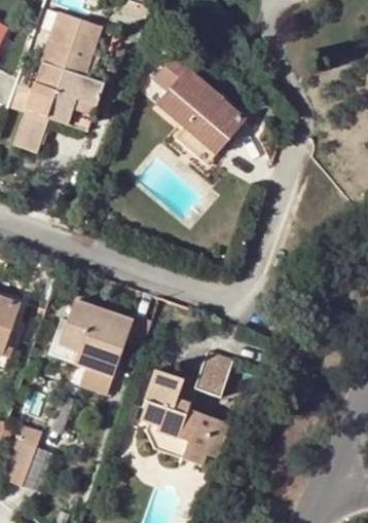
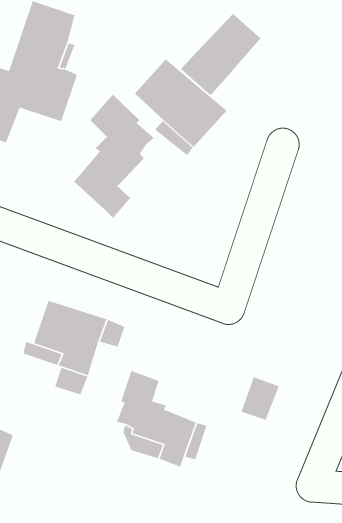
building: none -> [180,13,262,96]
building: none -> [73,94,155,219]
building: [194,351,232,395] -> [241,376,280,421]

